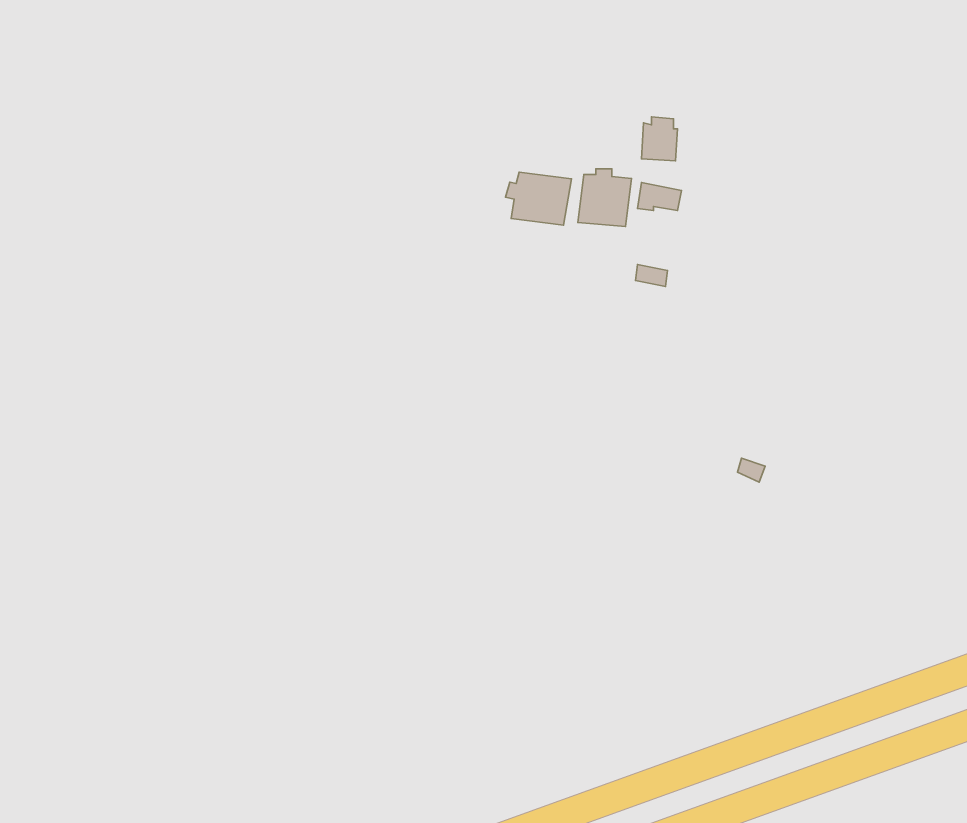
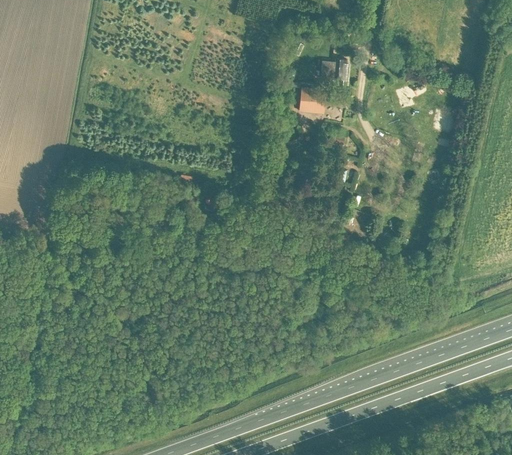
building: [506,172,572,225] -> none

